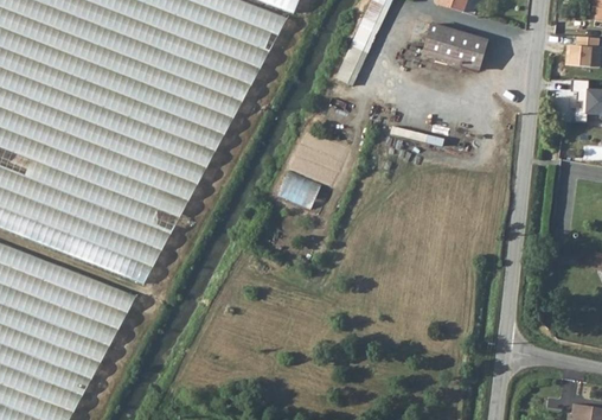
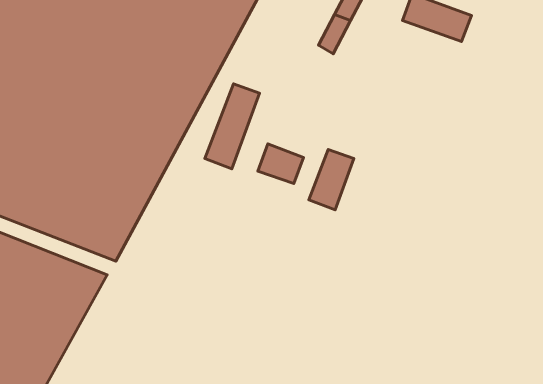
building: none -> [205,84,259,169]
building: none -> [309,149,354,210]

